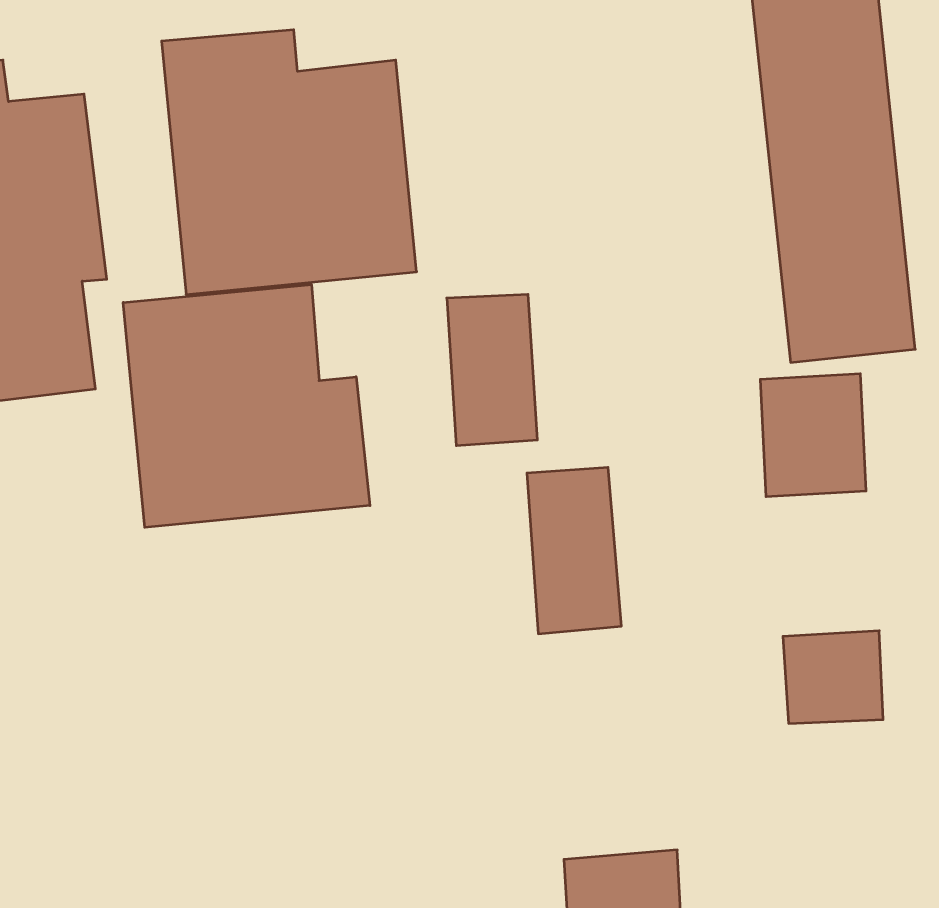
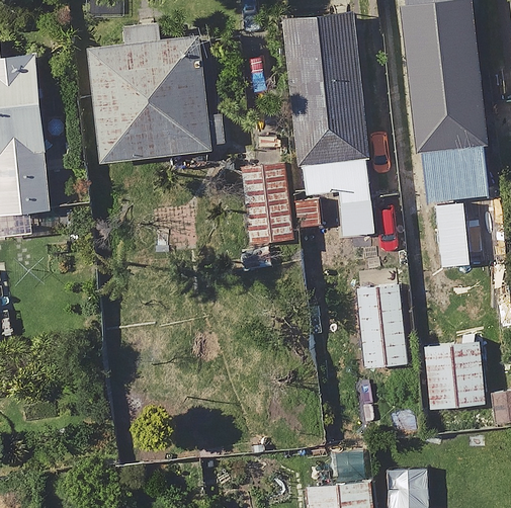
building: none -> [283,17,371,203]
building: [123,284,370,527] -> none
building: [527,467,621,634] -> [354,280,405,369]

